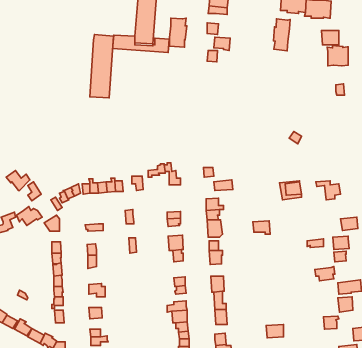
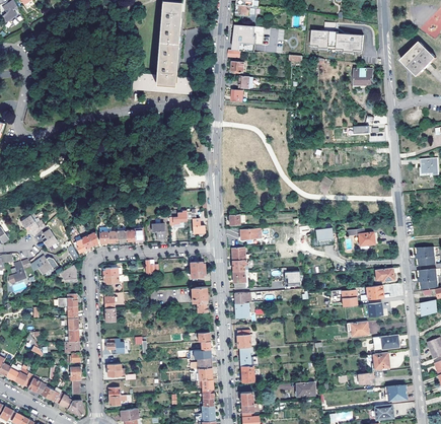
building: [169,18,187,47] -> none
building: [273,19,290,51] -> none
building: [90,34,113,98] -> none
building: [327,46,348,66] -> none

